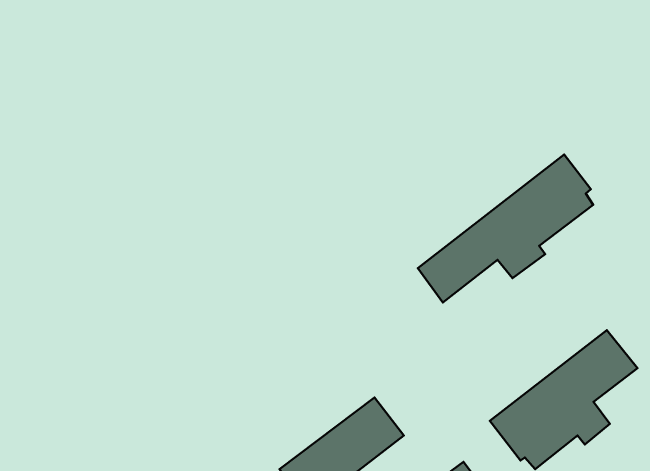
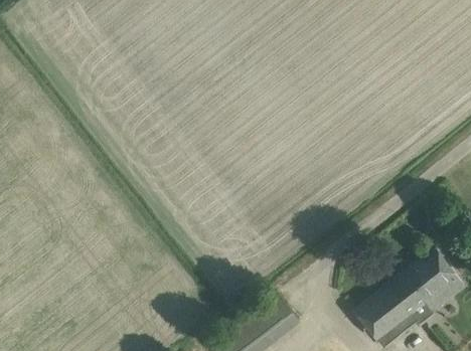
building: [418,155,593,303] -> none

